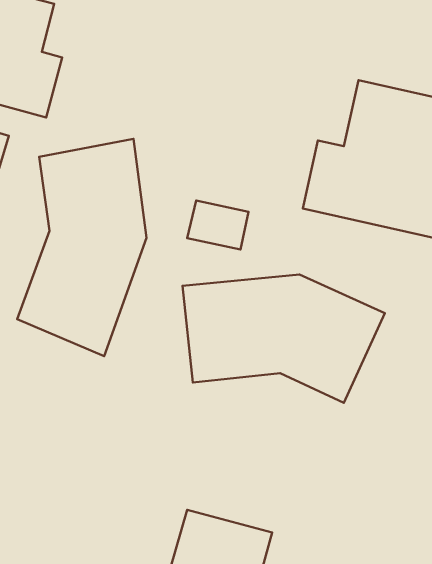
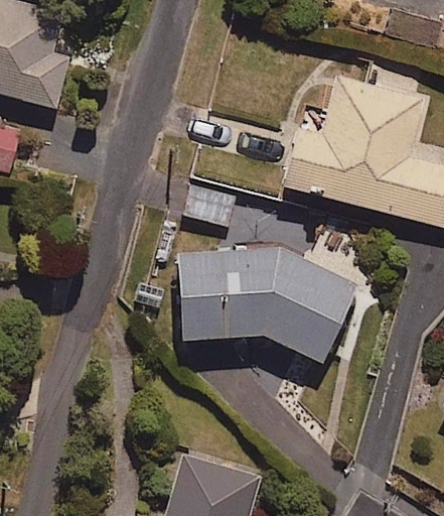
building: [17,139,146,356] -> none

